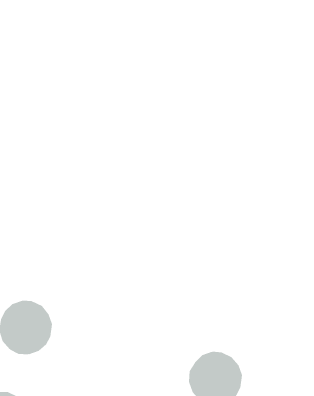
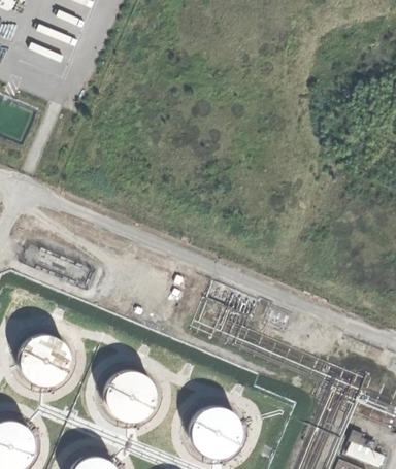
building: none -> [104,372,157,425]

